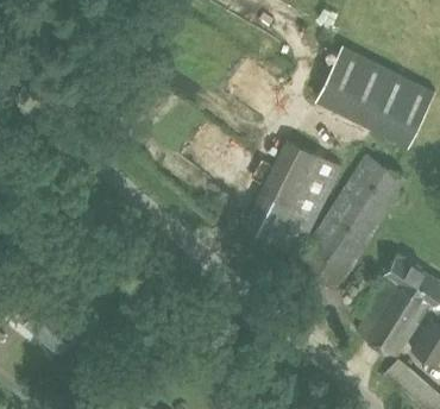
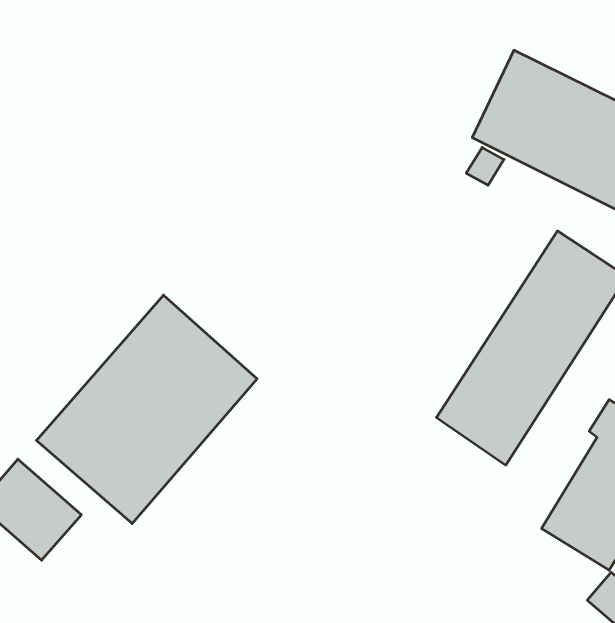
building: [243,139,342,254] -> none
building: none -> [36,295,257,524]

